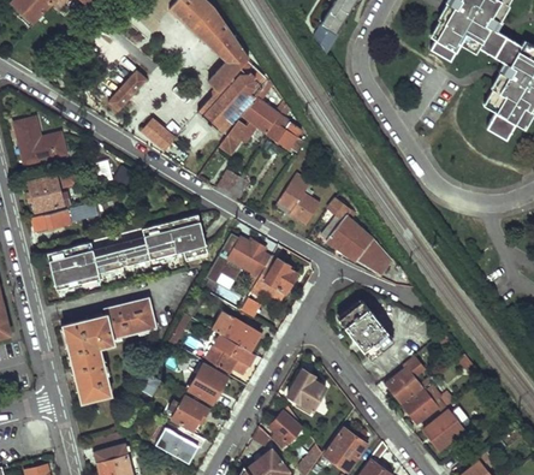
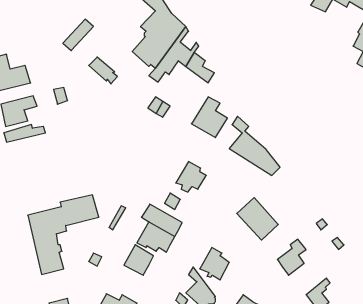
building: [47,214,207,289] -> none
building: [226,237,272,286] -> none
building: [402,384,456,423] -> none
building: [172,397,209,431] -> none

